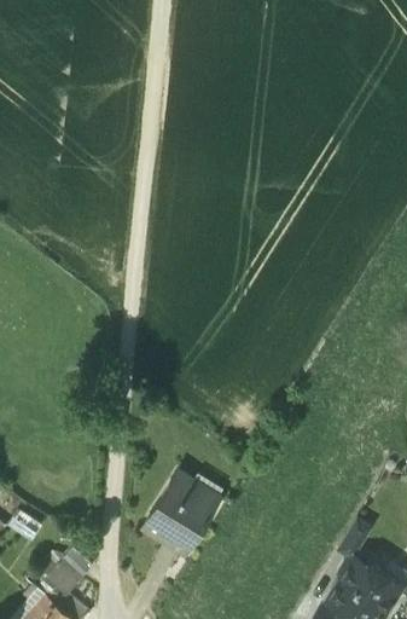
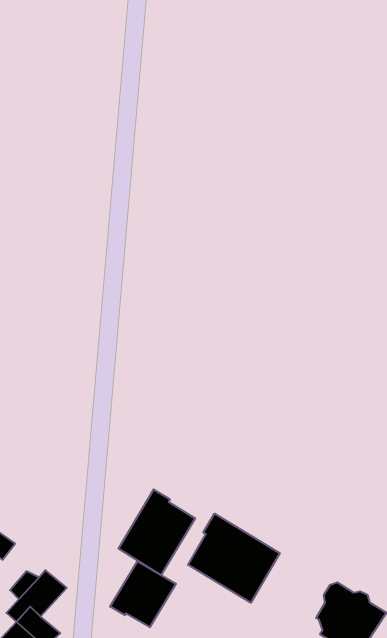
building: none -> [188,514,280,603]
building: none -> [110,561,176,627]

